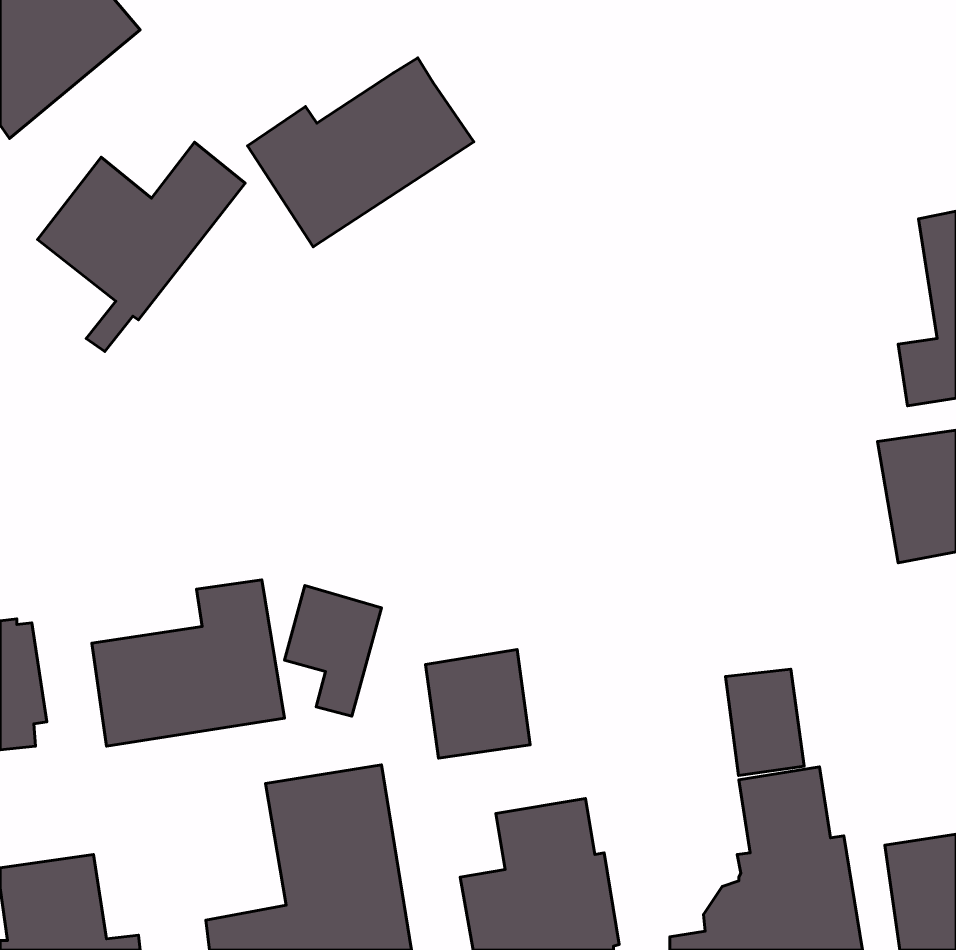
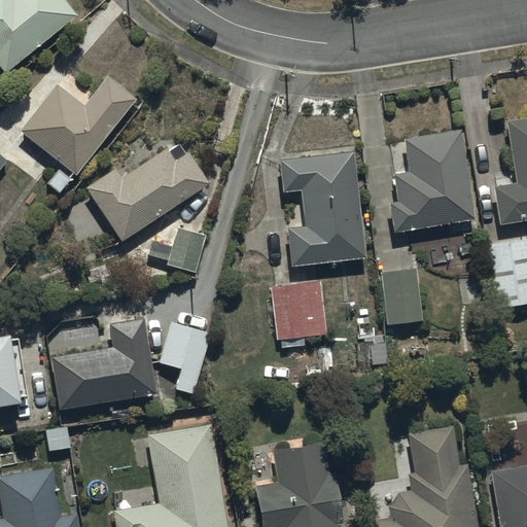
building: [248,58,474,247] -> [84,140,209,244]
building: none -> [389,132,472,233]
building: none -> [281,153,366,268]
building: none -> [147,227,205,274]
building: [425,650,530,758] -> [271,281,328,341]
building: [725,669,804,776] -> [380,268,423,326]

